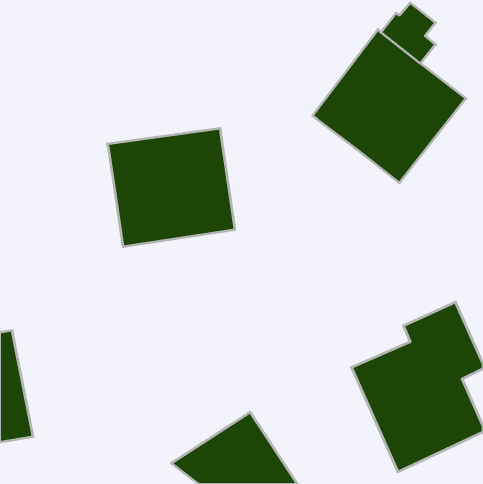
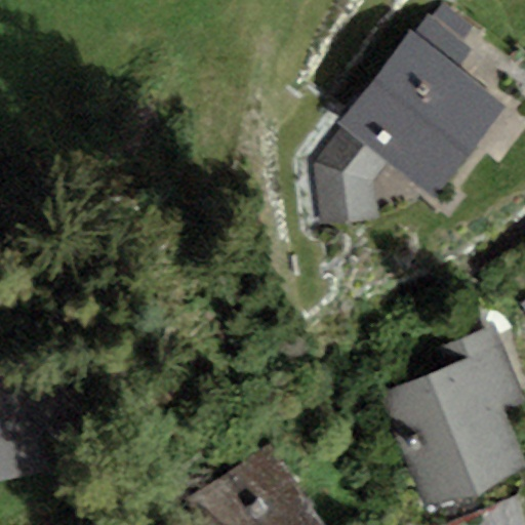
building: none -> [312,128,387,228]
building: [107,128,235,247] -> none

